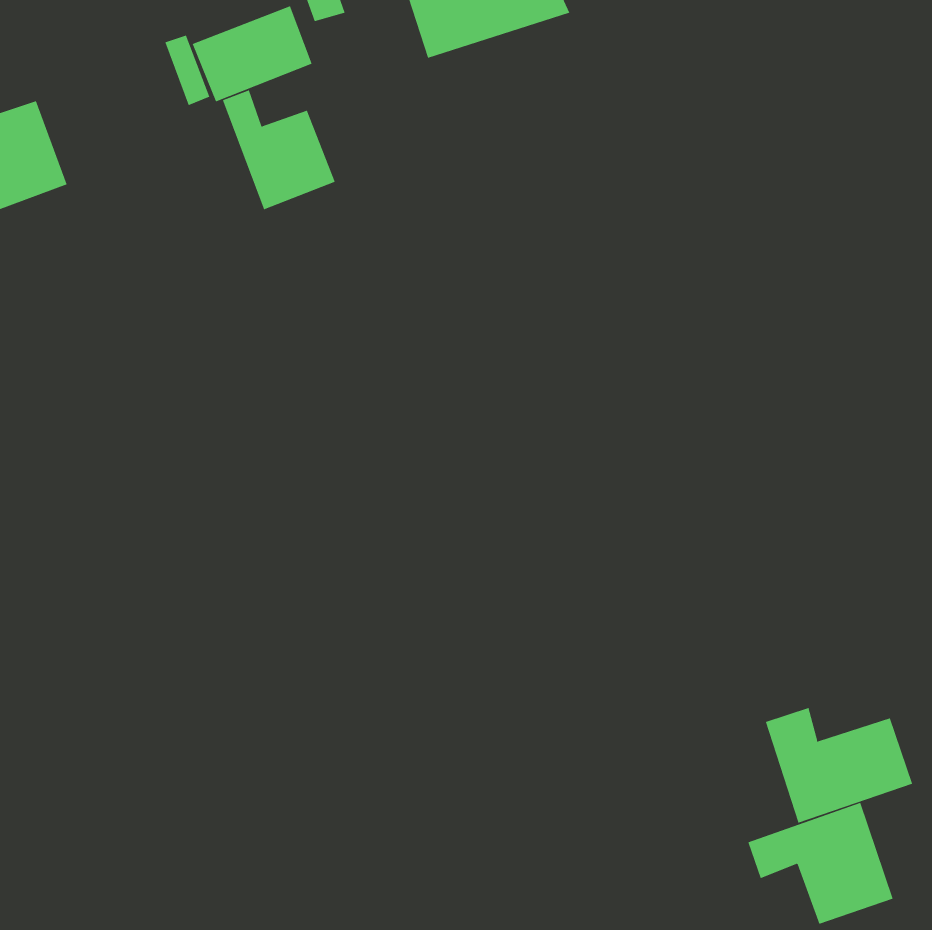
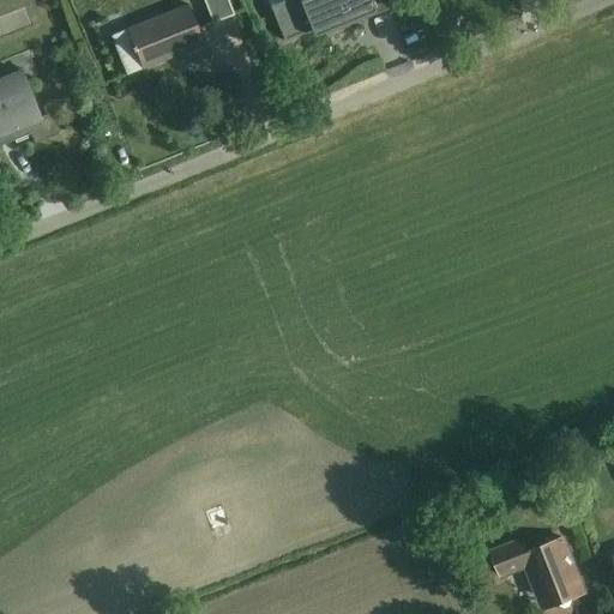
building: [222,89,335,210] -> none
building: [765,707,913,824] -> none

